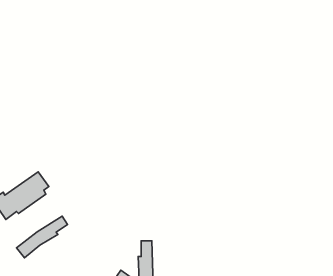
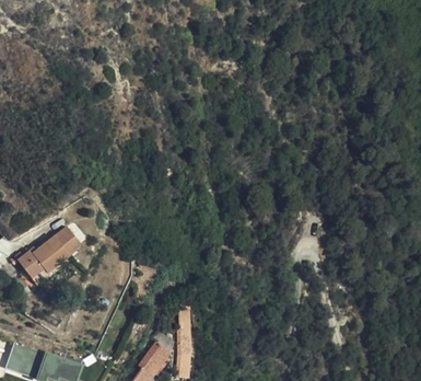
building: [17,216,68,258] -> none

